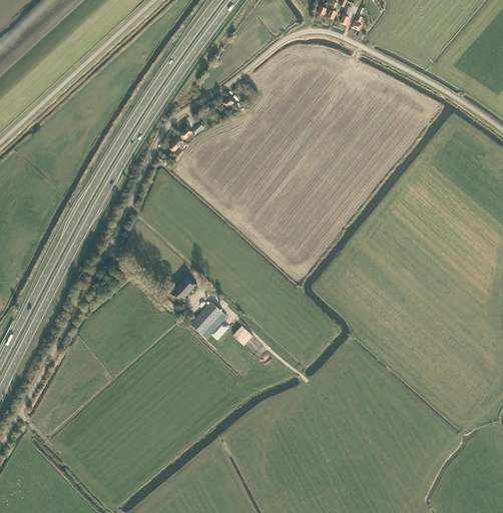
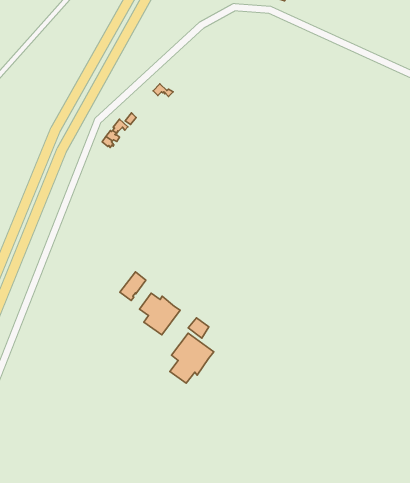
building: none -> [170,333,214,383]

